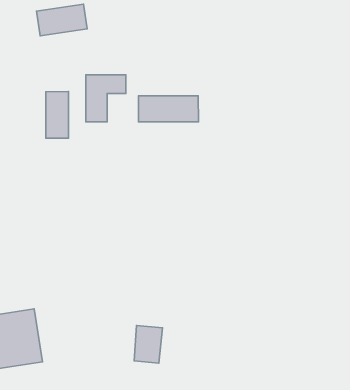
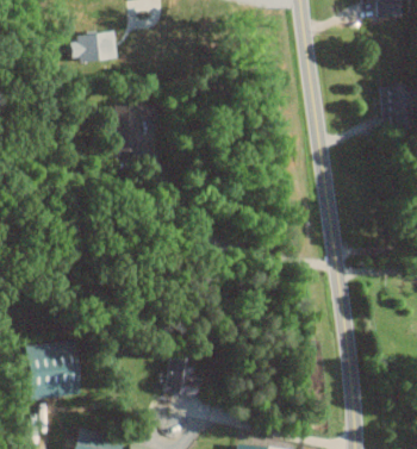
building: [46,92,68,138] -> none
building: [138,96,198,122] -> none

